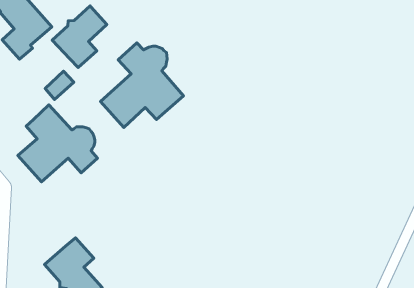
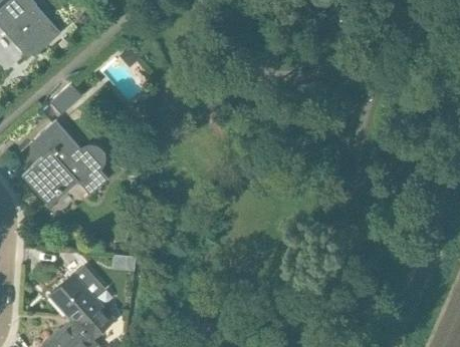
building: [52,6,107,67] -> none
building: [100,43,184,128] -> none

